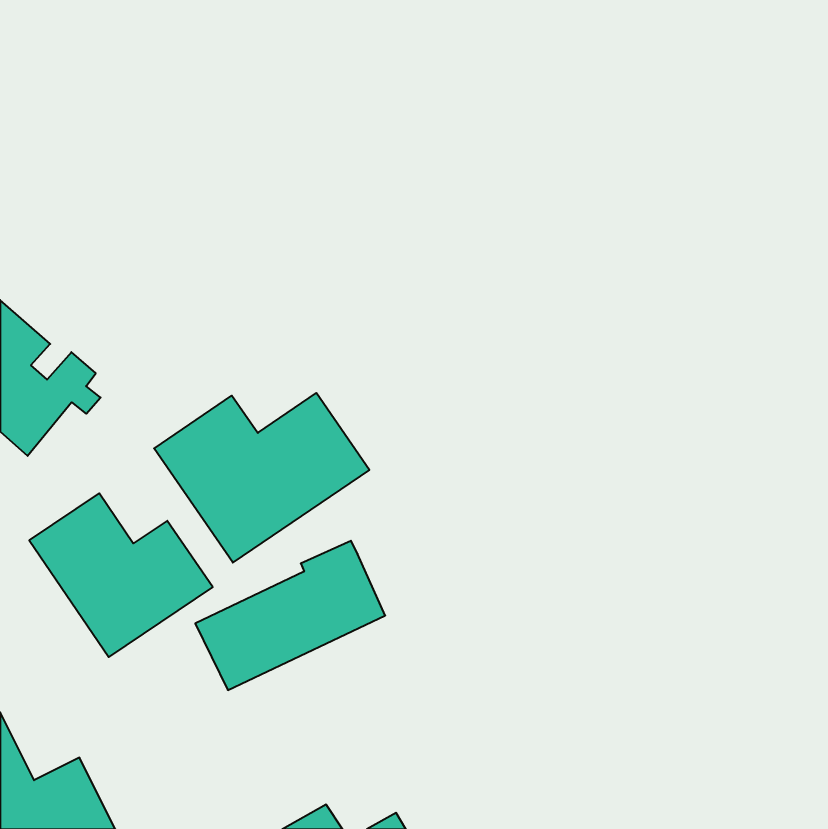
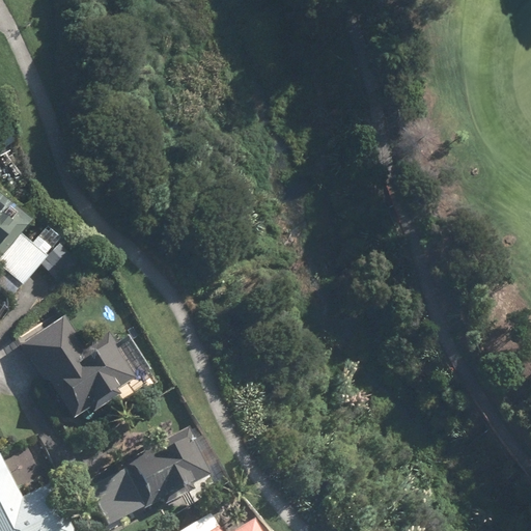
building: [154,393,369,563] -> none
building: [195,541,385,690] -> [88,429,209,525]

